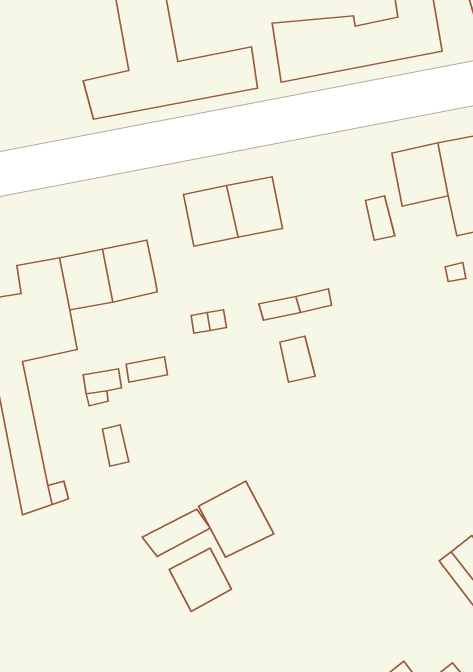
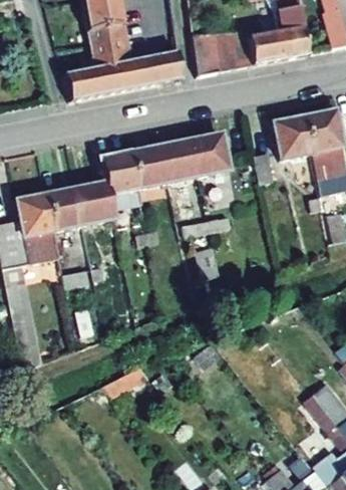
building: none -> [191,134,228,175]
building: none -> [100,152,141,211]
building: [199,481,274,557] -> none
building: [169,548,232,611] -> none

